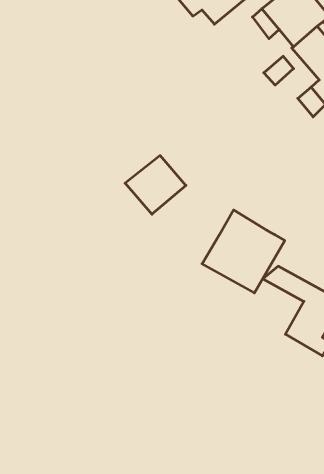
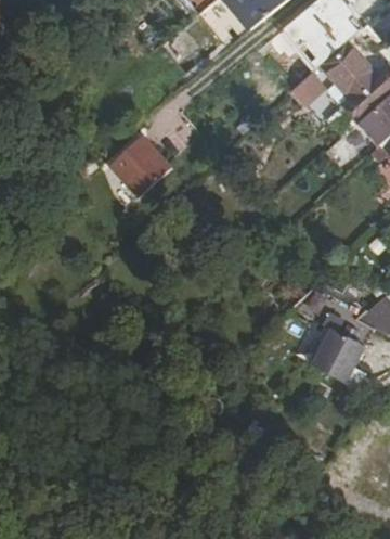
building: [125,156,186,214] -> [105,134,169,196]
building: [202,210,285,293] -> none

